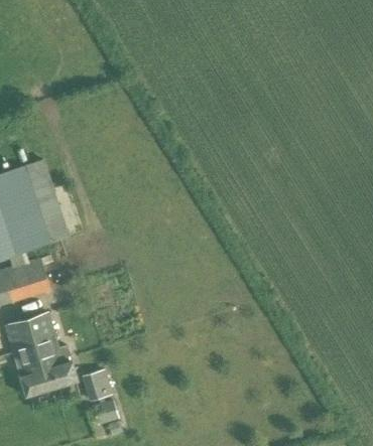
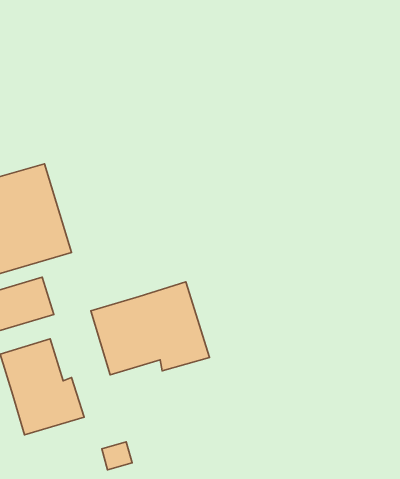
building: none -> [91,282,210,375]
building: [85,368,114,399] -> none

